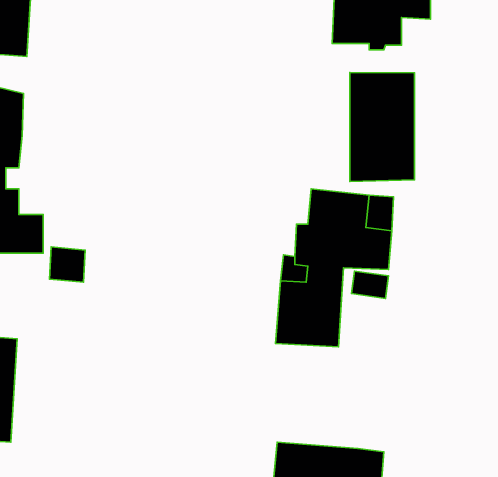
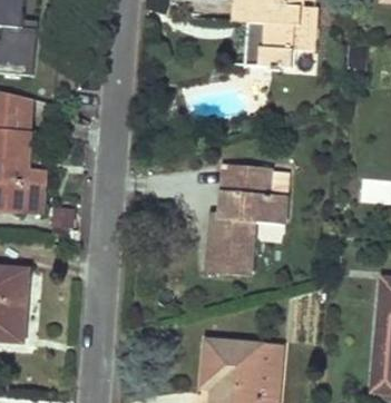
building: [350,73,415,181] -> none

